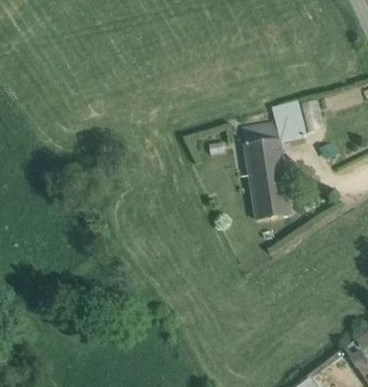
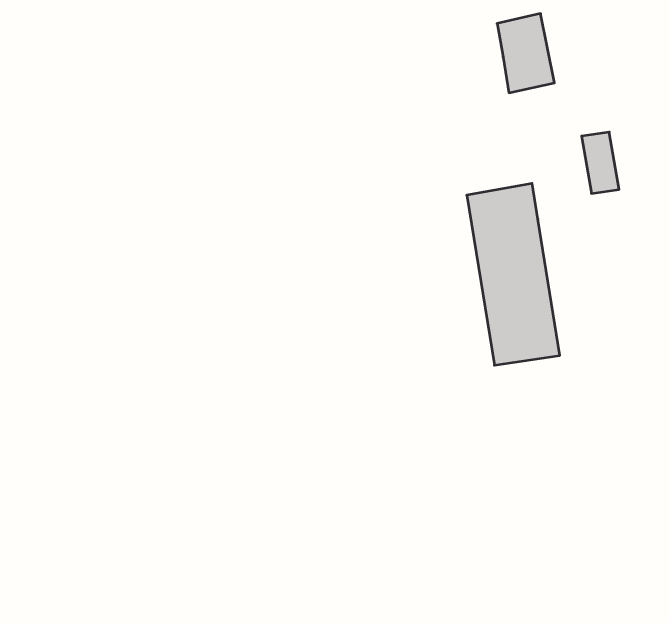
building: [272,102,301,142] -> [497,14,554,93]

